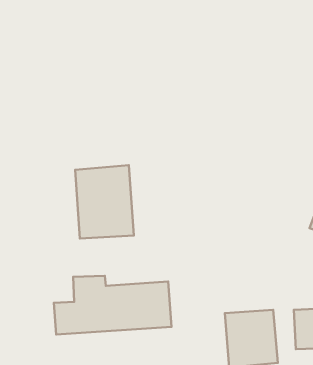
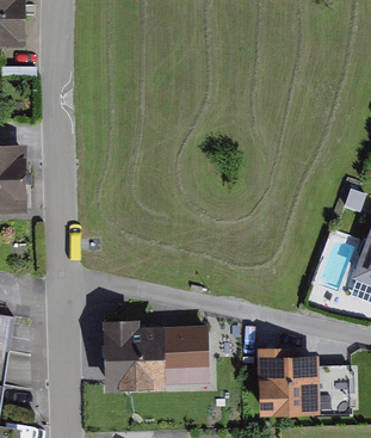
building: [75,165,134,239] -> none

